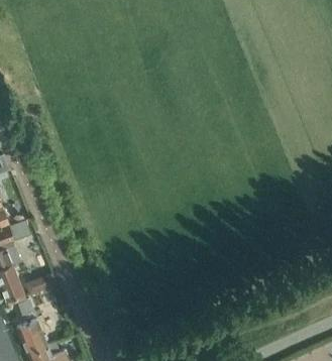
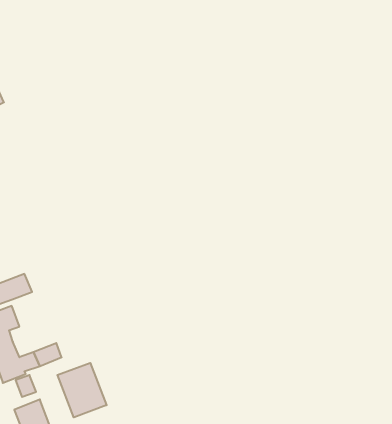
building: none -> [57,363,107,417]

